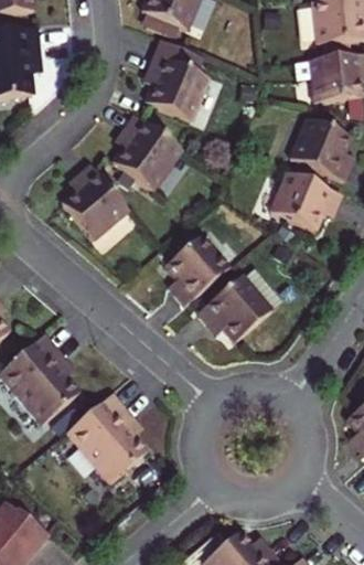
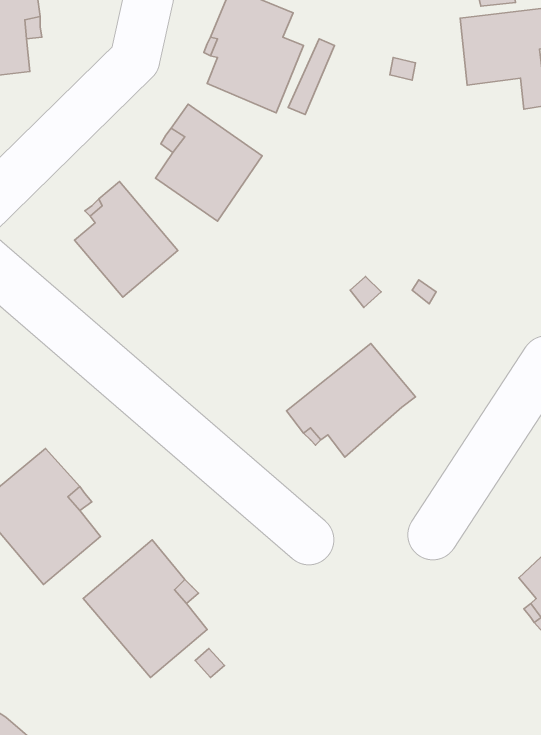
building: [289,118,350,181] -> none
building: [269,172,340,231] -> none
building: [163,235,227,306] -> none

